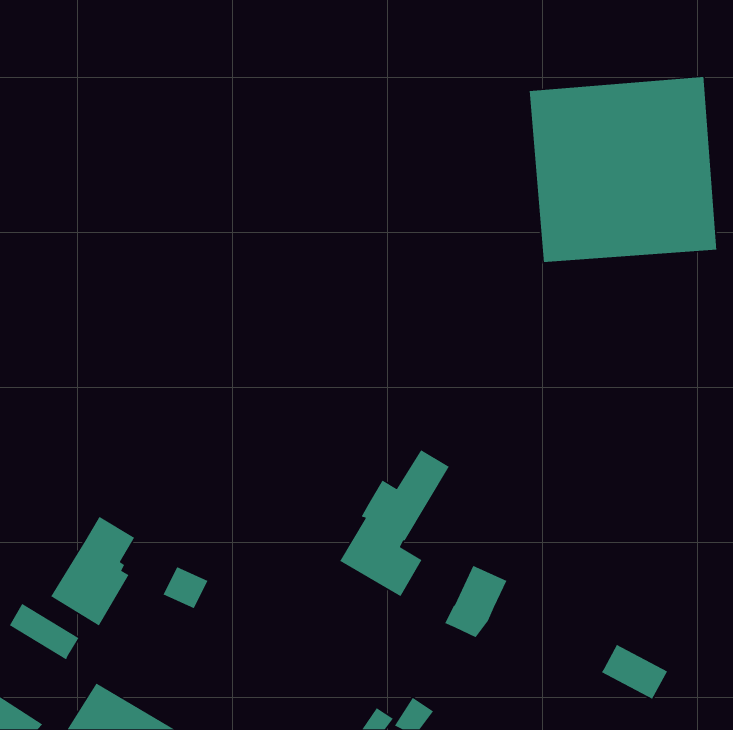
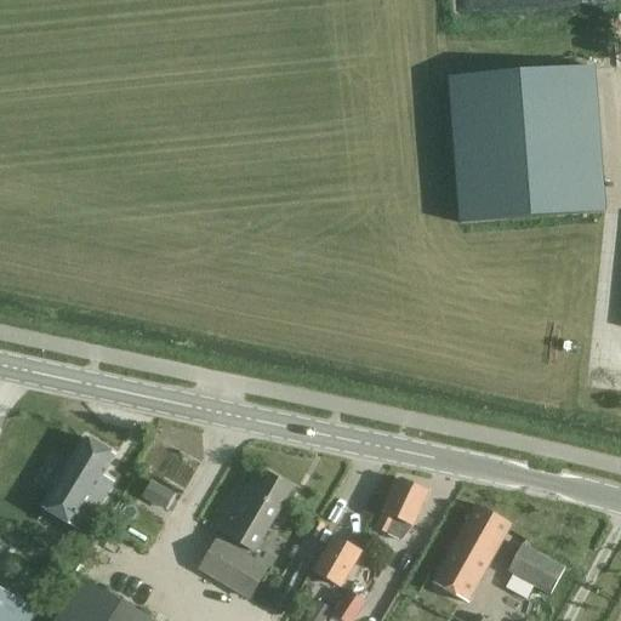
building: [339,449,450,597] -> [198,472,291,597]
building: none -> [432,503,511,602]
building: [9,603,79,660] -> none
building: none -> [313,535,360,586]

